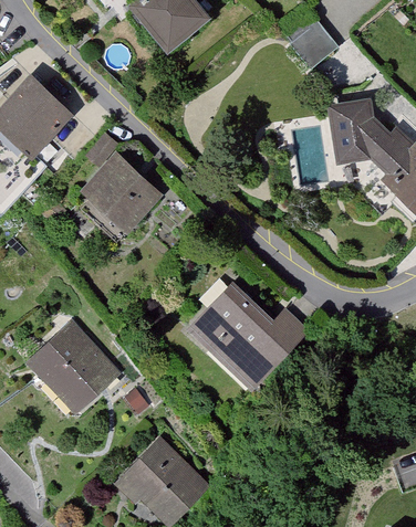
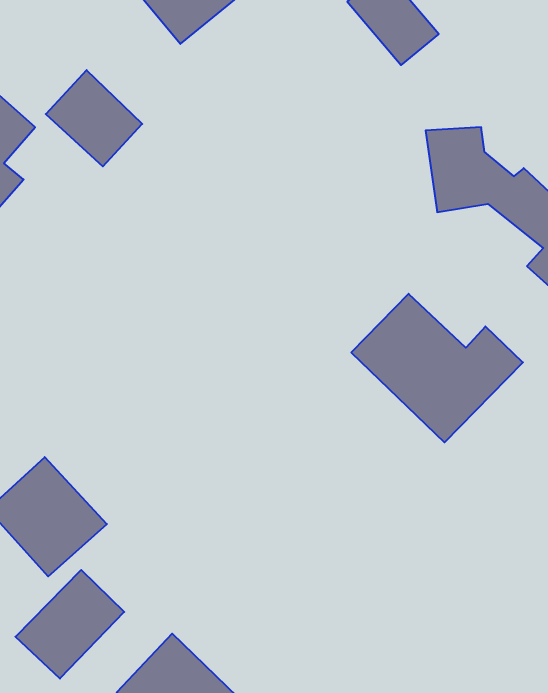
building: [90,157,155,222] -> [46,70,142,166]
building: [196,291,312,391] -> [351,294,523,442]
building: none -> [15,570,124,679]

